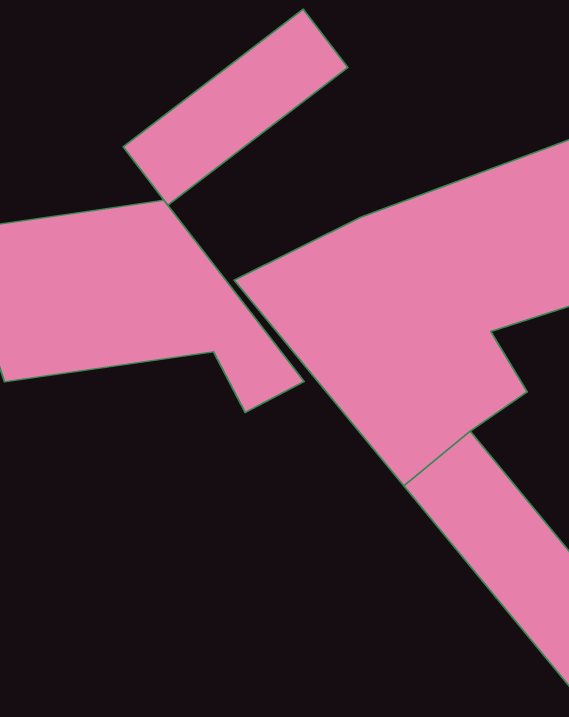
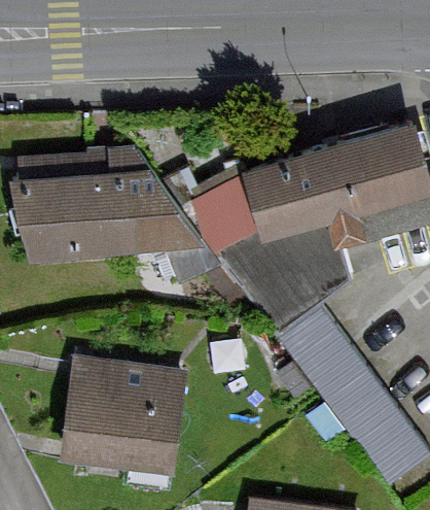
building: [123,9,348,205] -> none
building: none -> [64,358,184,470]

